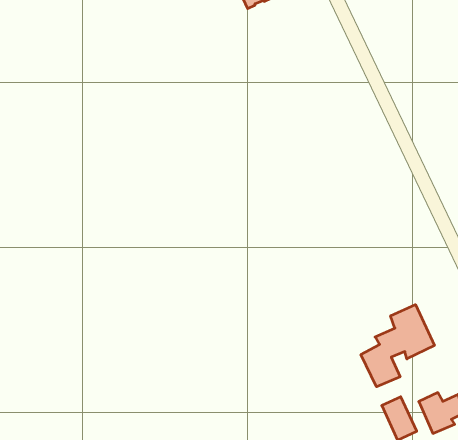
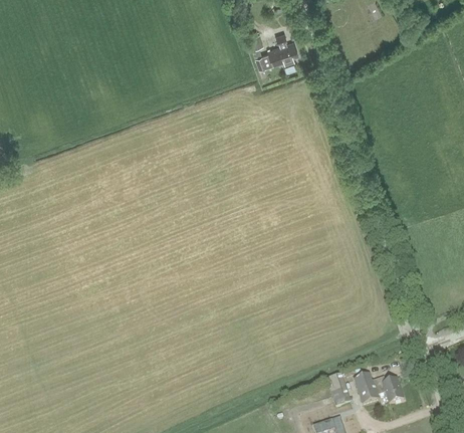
building: [361,305,434,387] -> none

